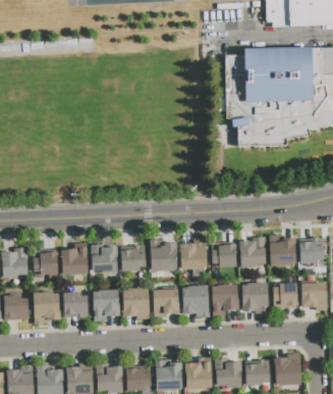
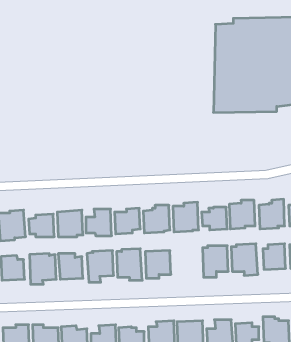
building: [182,284,210,317] -> none

